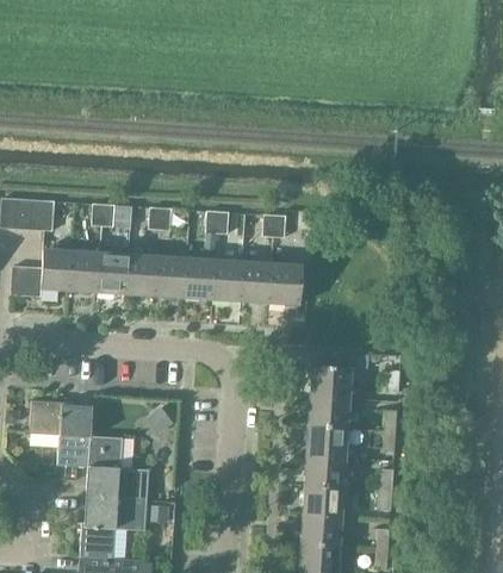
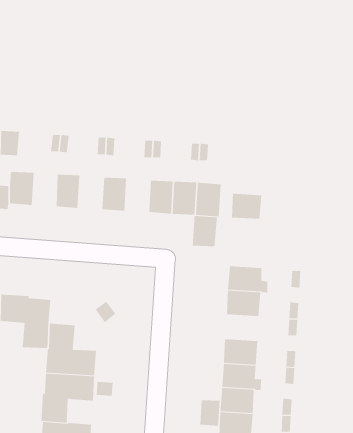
building: [70,250,100,292] -> none
building: [126,254,157,295] -> none
building: [184,257,215,299] -> none
building: none -> [231,193,262,220]
building: none -> [192,215,218,247]
building: [305,424,356,457] -> none
building: none -> [200,400,220,426]

